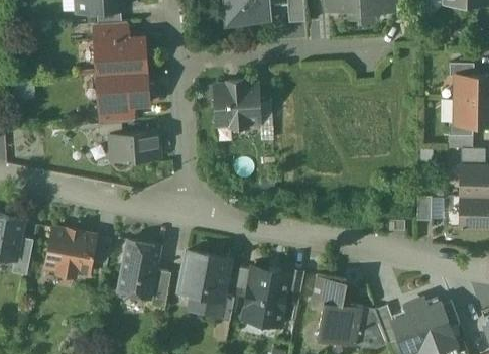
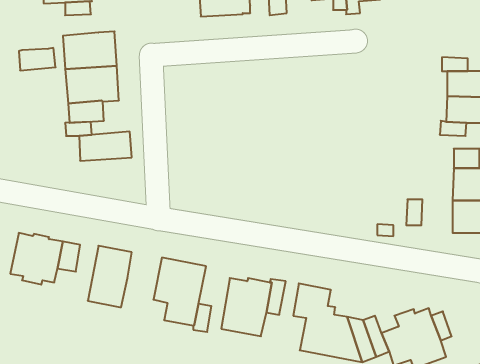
building: [94,22,128,43] -> [19,48,56,70]
building: [214,82,260,129] -> none
building: [147,270,170,309] -> none

